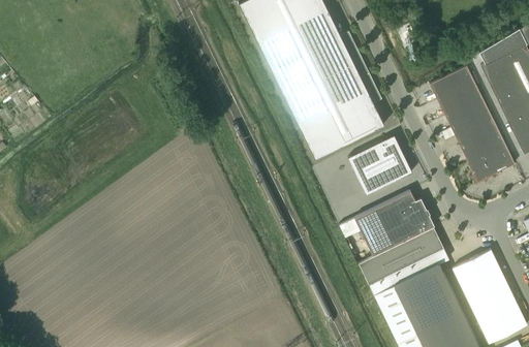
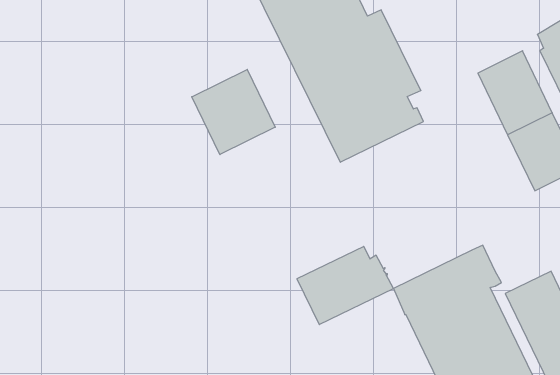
building: none -> [192,69,275,155]
building: [348,137,412,195] -> none
building: [354,191,435,256] -> [297,246,394,325]

